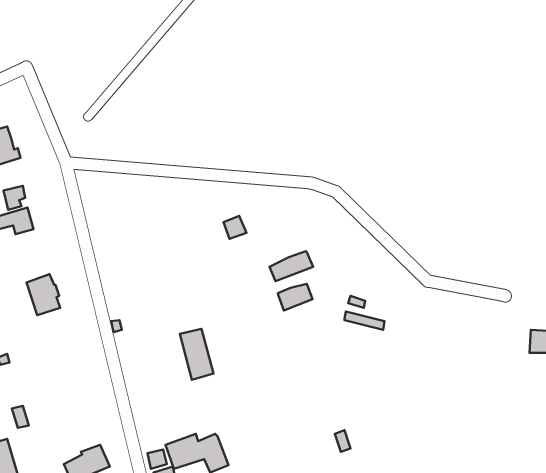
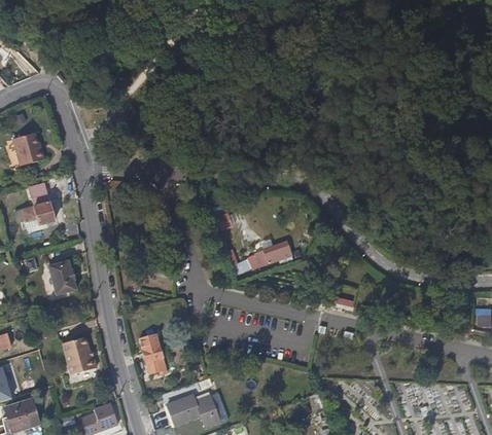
building: [278,284,313,310] -> none
building: [180,329,214,380] -> [140,332,169,375]
building: none -> [62,336,97,374]

